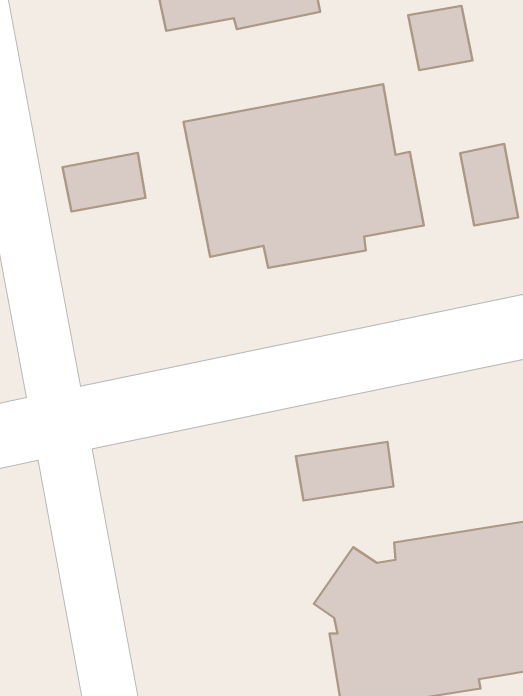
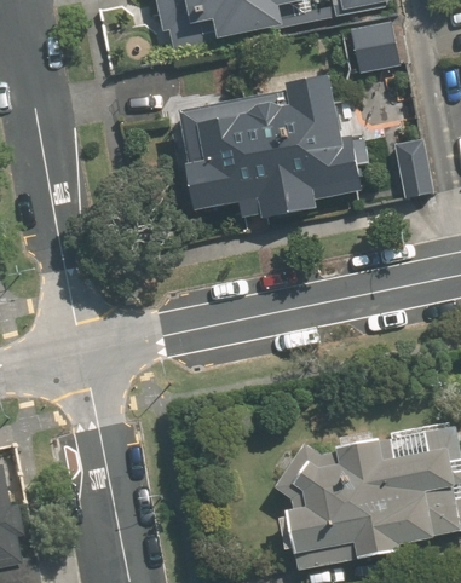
building: [62,153,145,212] -> none
building: [296,442,393,501] -> none

